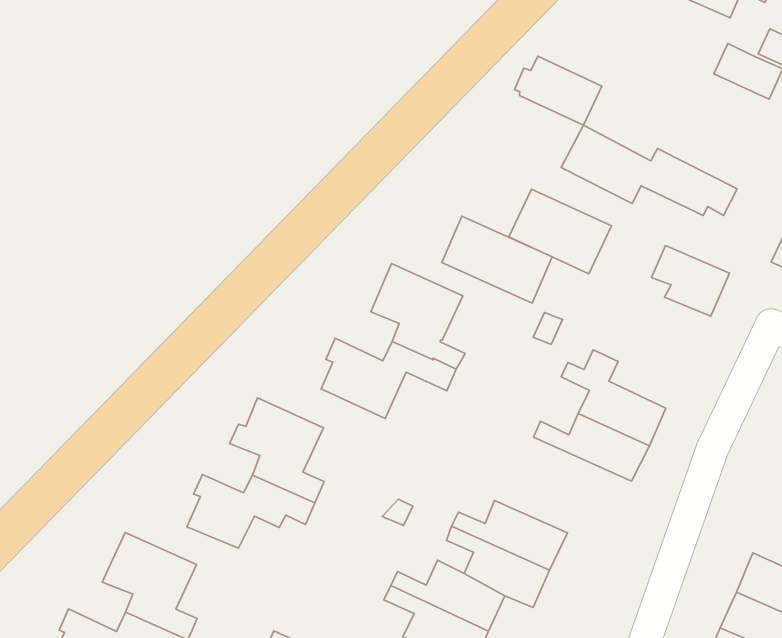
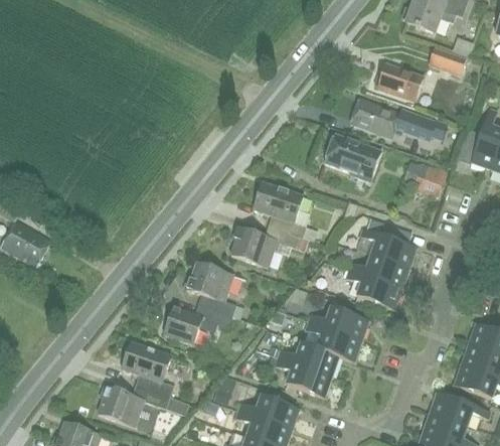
building: [514,56,602,125] -> [374,63,422,99]
building: [442,216,552,303] -> none
building: none -> [345,269,403,309]

